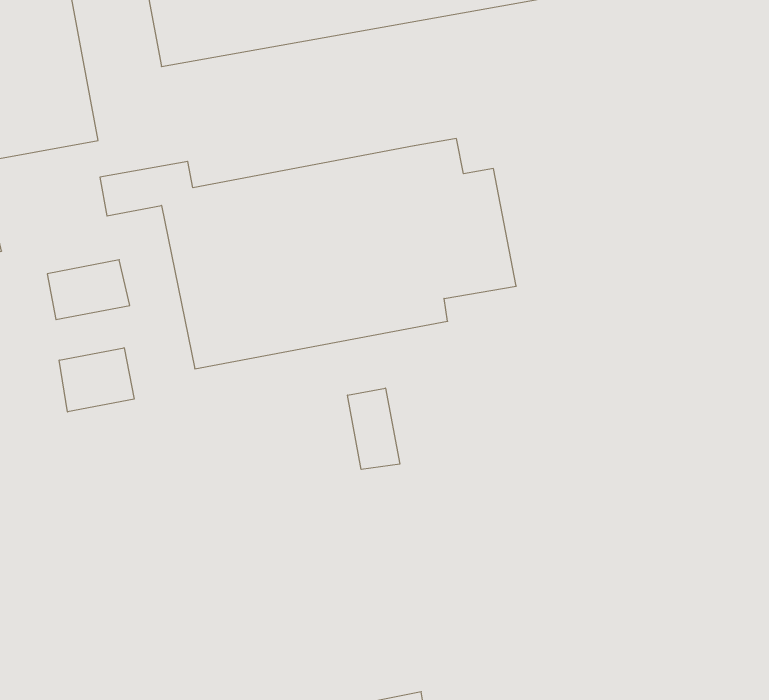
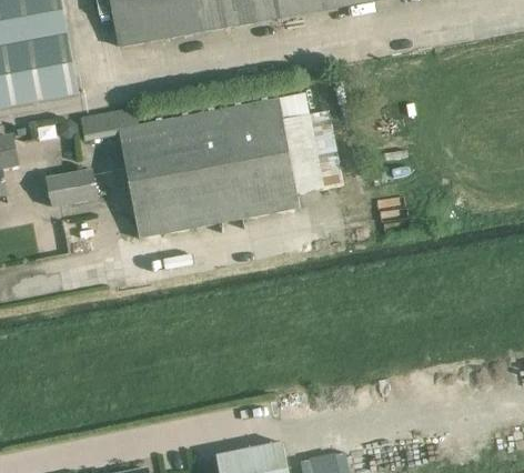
building: [59,348,134,412] -> none
building: [348,388,400,469] -> none

